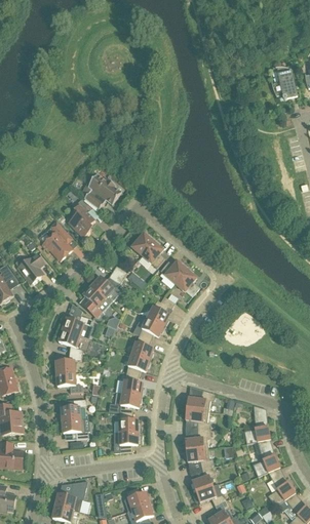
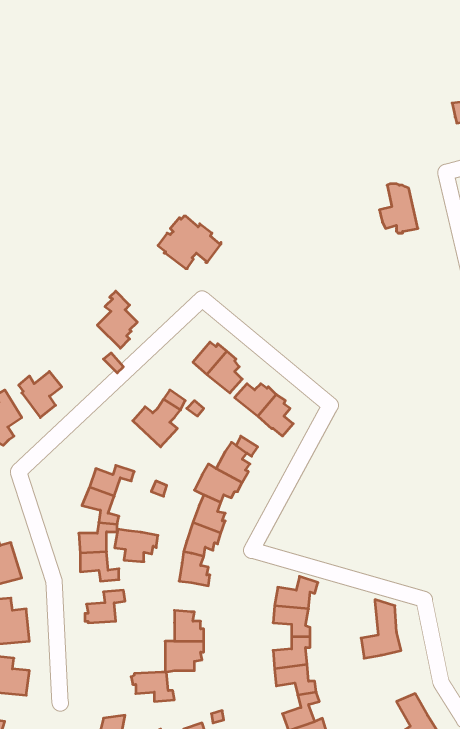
building: [271,66,297,98] -> [379,184,418,233]
building: [79,173,121,208] -> [158,216,221,269]
building: [38,220,72,259] -> none
building: [79,285,110,317] -> none
building: [113,391,142,412] -> [115,529,158,562]
building: [60,418,88,438] -> [131,672,174,701]
building: [251,438,279,476] -> none

